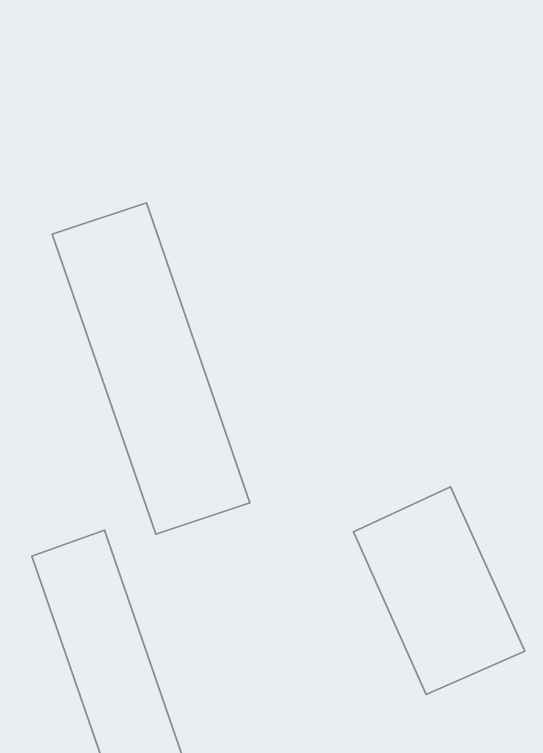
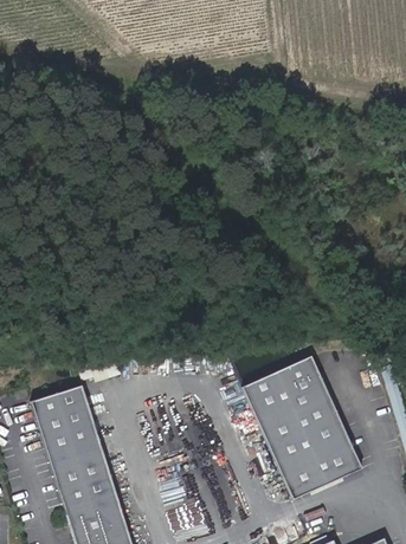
building: [52,203,250,534] -> none

